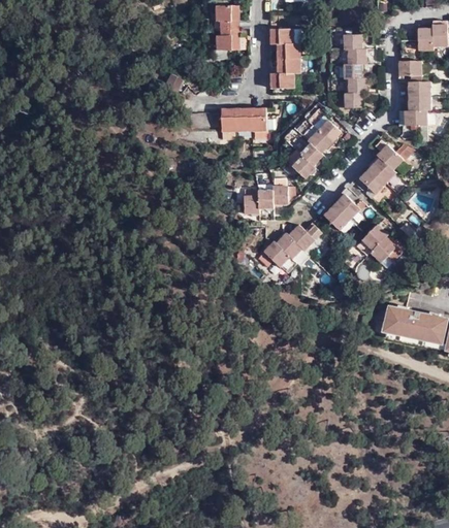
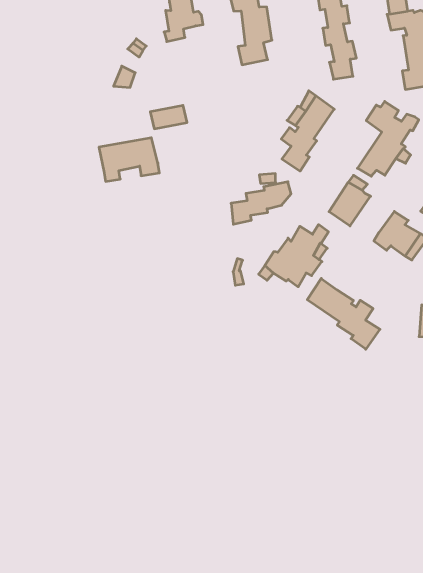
building: [221,105,267,135] -> [99,138,159,181]
building: none -> [307,278,380,349]

